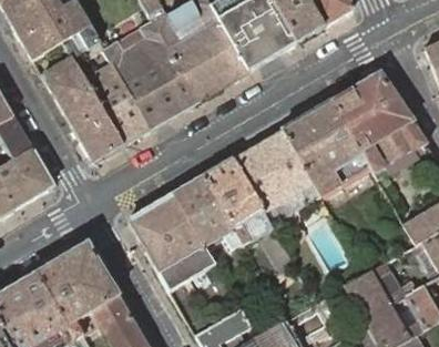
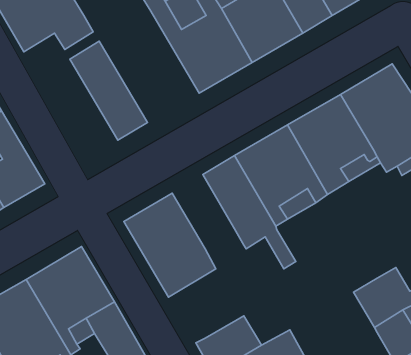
building: [104,20,198,126] -> none
building: [42,58,122,161] -> none
building: [173,175,241,247] -> none

